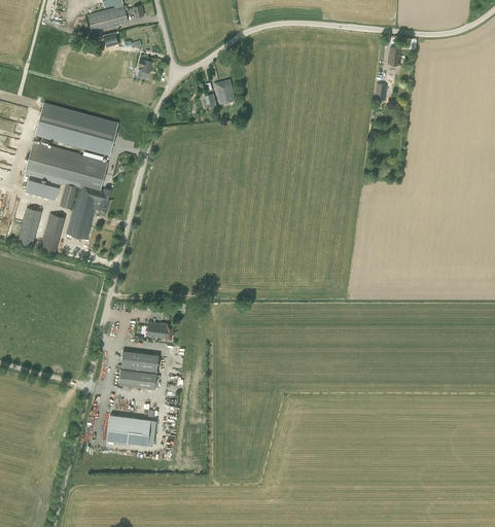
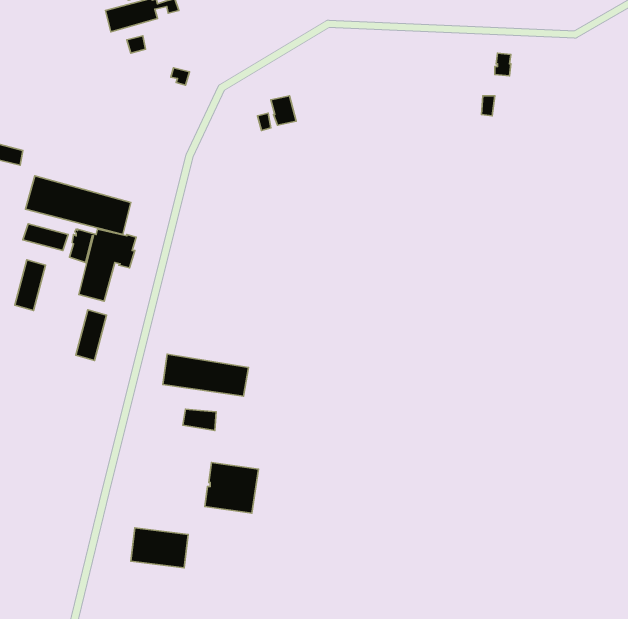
building: [35,104,114,152] -> none
building: [41,213,65,252] -> [76,310,107,361]
building: none -> [163,354,248,396]
building: [118,350,160,389] -> [205,462,258,513]

